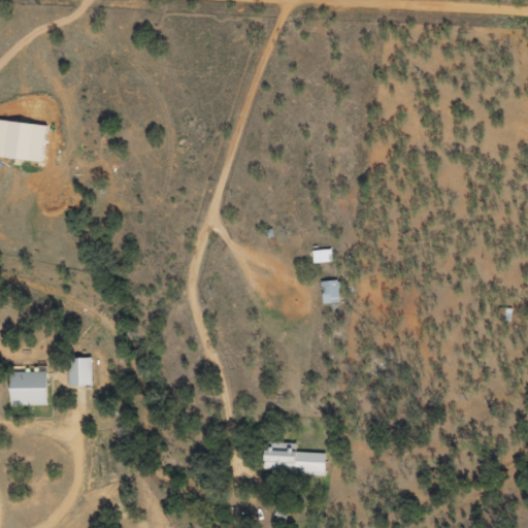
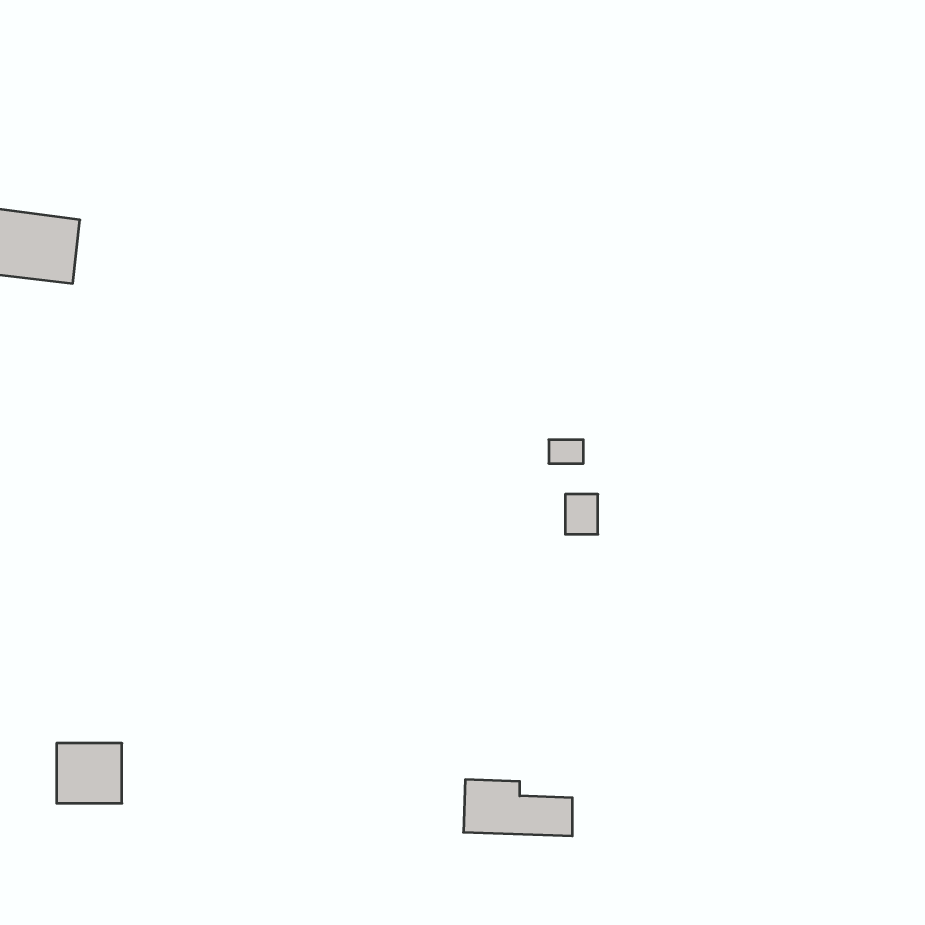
building: [67,357,91,386] -> none
building: [10,371,47,405] -> [57,743,122,803]

